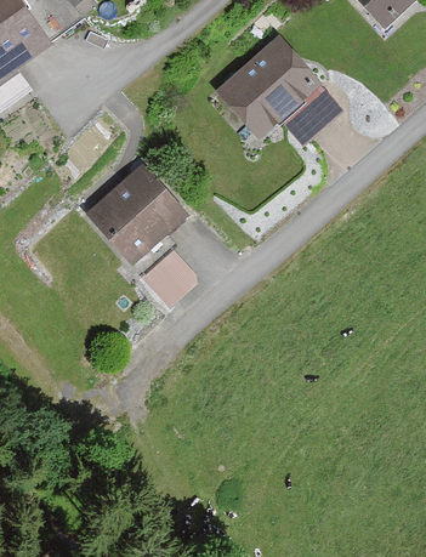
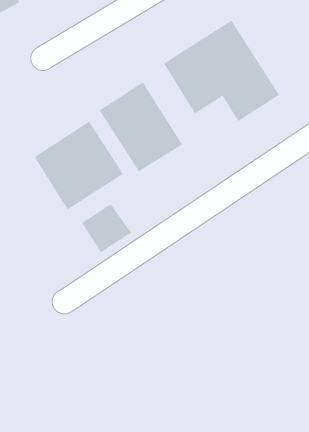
building: none -> [99,82,183,172]

